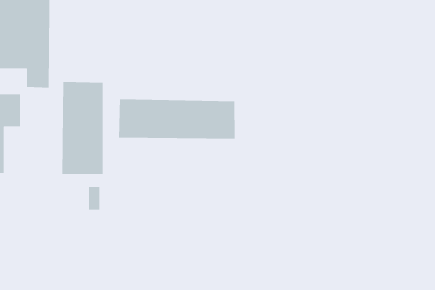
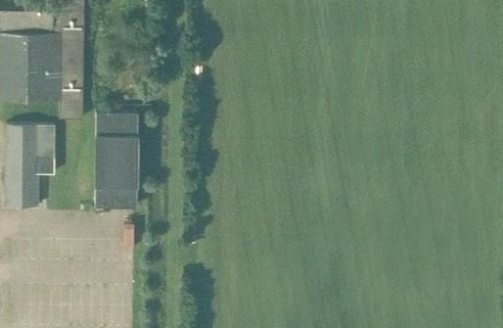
building: [118,99,235,140] -> none

